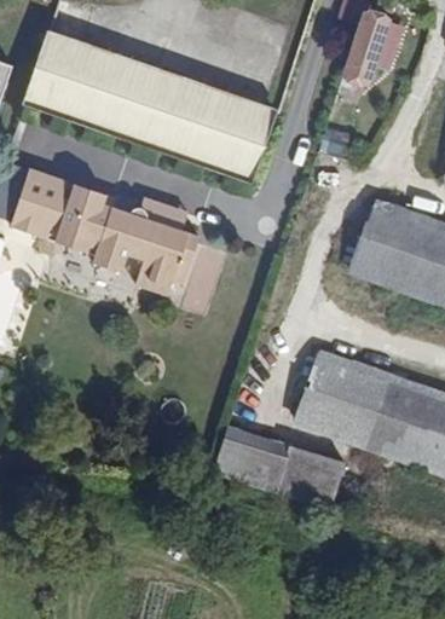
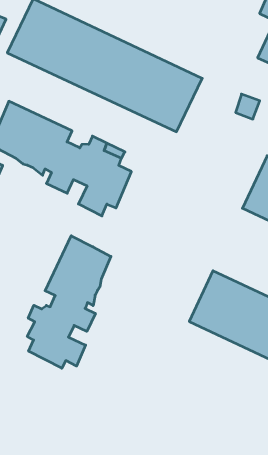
building: none -> [27,236,111,368]
building: [210,424,342,504] -> none

